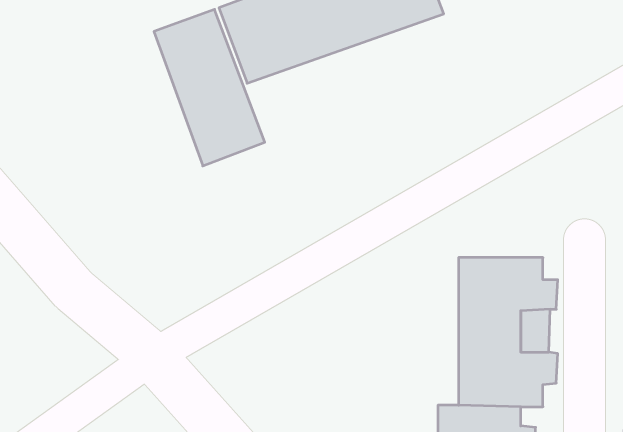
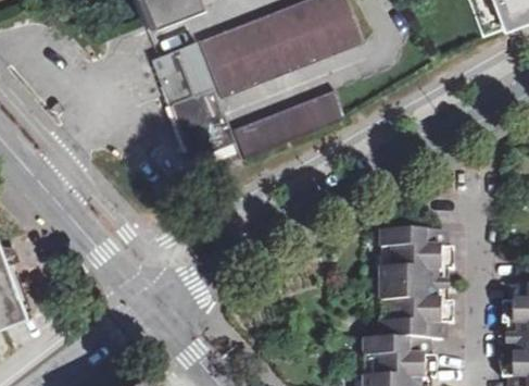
building: none -> [234,90,349,161]

